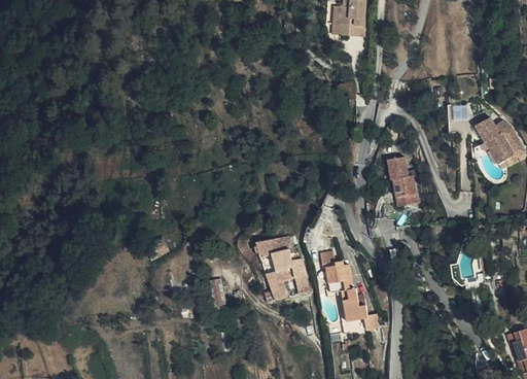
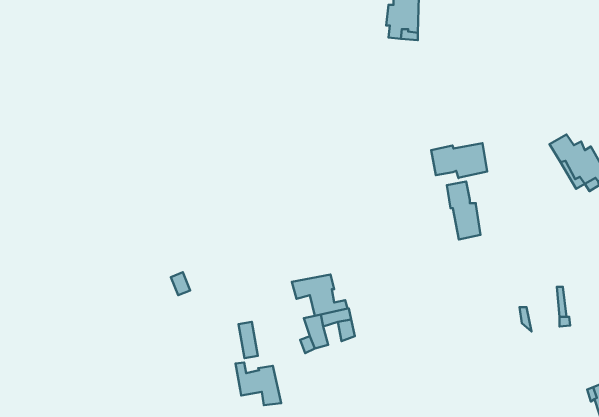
building: none -> [431,143,487,178]
building: [322,250,380,333] -> none
building: none -> [235,363,281,405]

